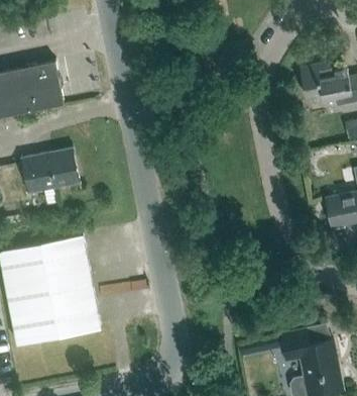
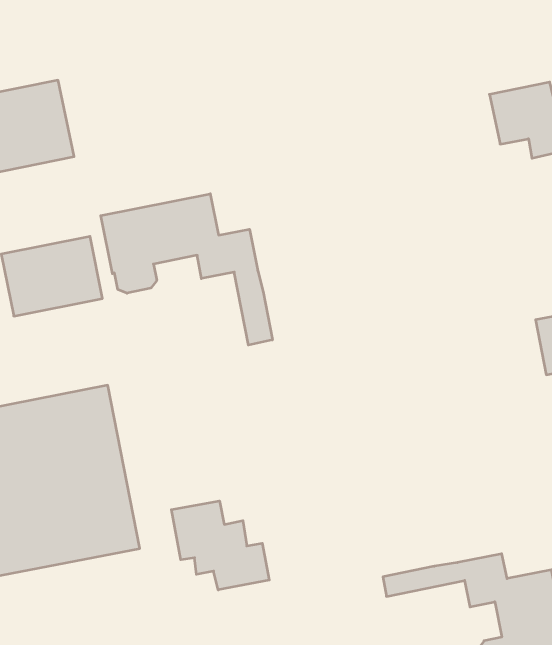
building: none -> [101,194,272,345]
building: none -> [171,501,269,590]

